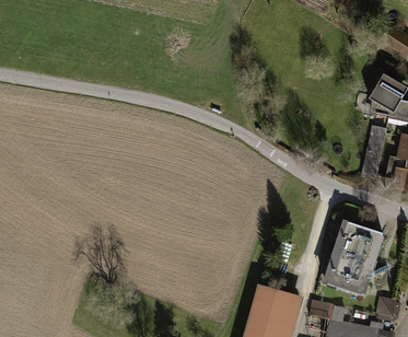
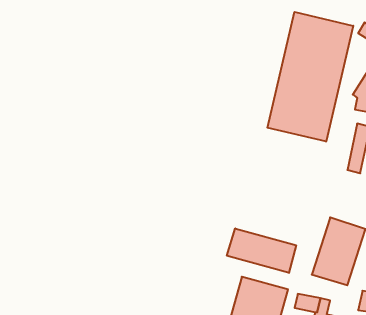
building: none -> [267,12,353,142]
building: none -> [227,228,296,273]

